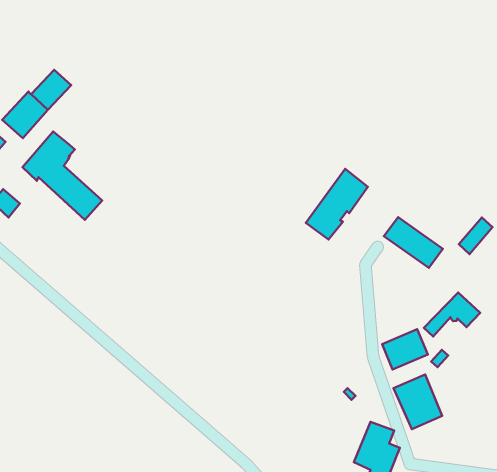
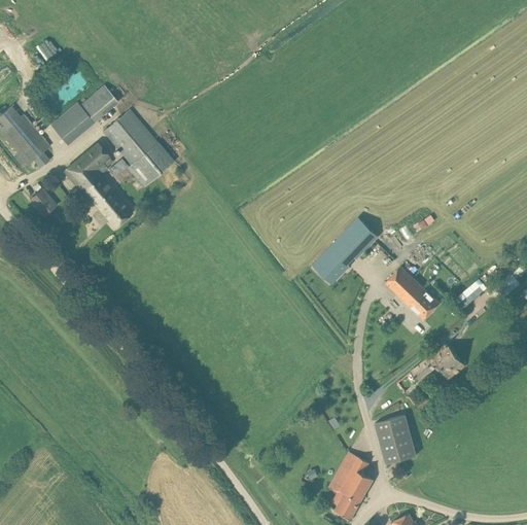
building: none -> [103,109,174,187]
building: [382,329,428,370] -> none

